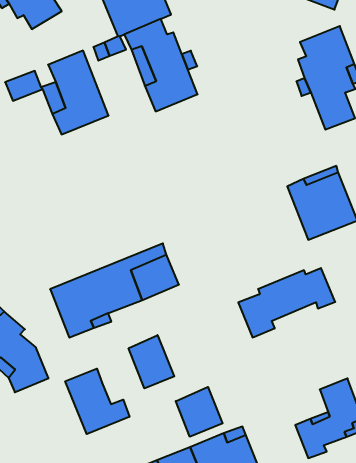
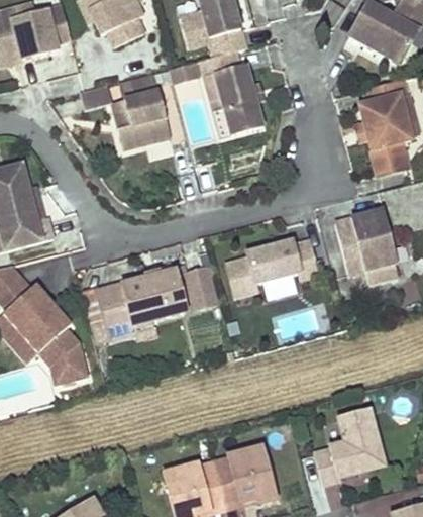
building: [238,268,335,337] -> [227,241,318,298]
building: [129,335,174,388] -> none
building: [65,369,129,434] -> none
building: [176,387,223,437] -> none

